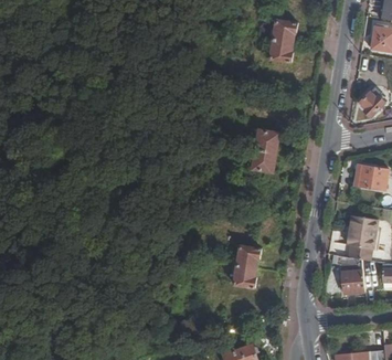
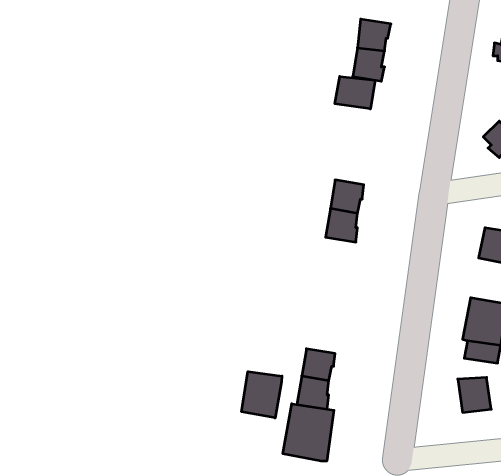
building: none -> [335,76,375,109]
building: none -> [242,372,282,418]
building: none -> [283,404,334,461]

